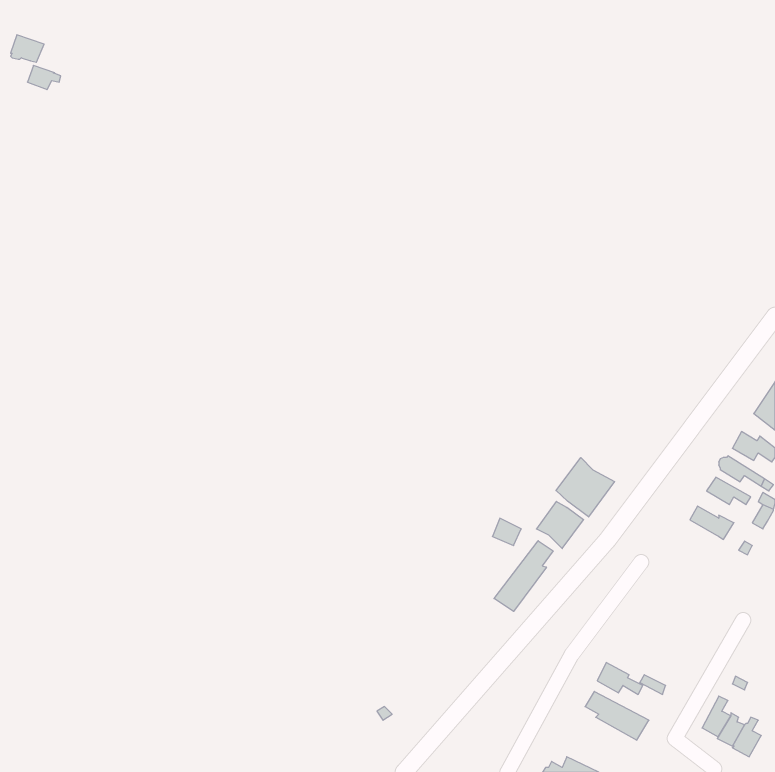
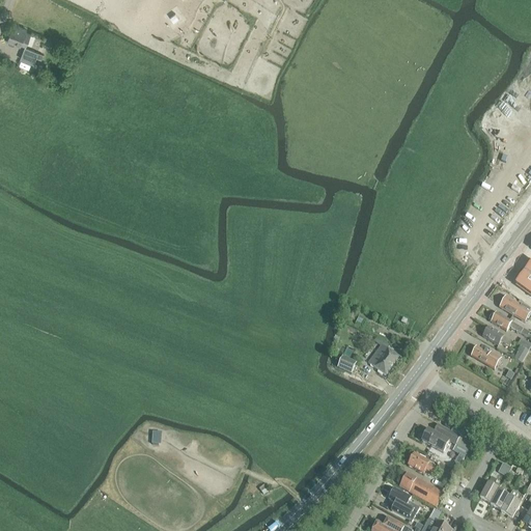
building: [556,458,615,517] -> none
building: [494,541,553,611] -> none
building: none -> [421,422,470,453]
building: none -> [388,487,419,520]

